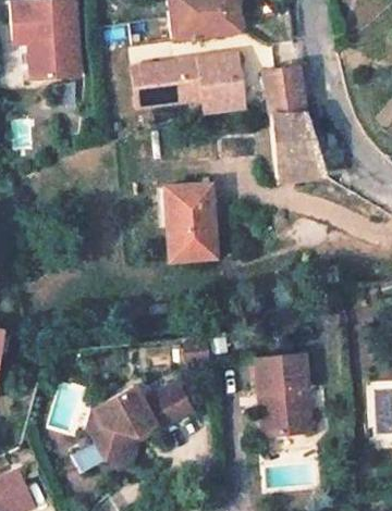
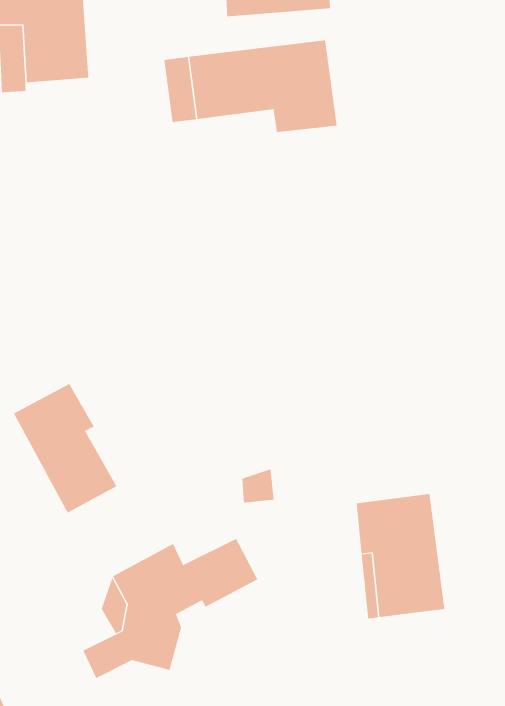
building: [265,65,321,177] -> none
building: [161,180,212,257] -> none
building: none -> [13,383,117,513]

